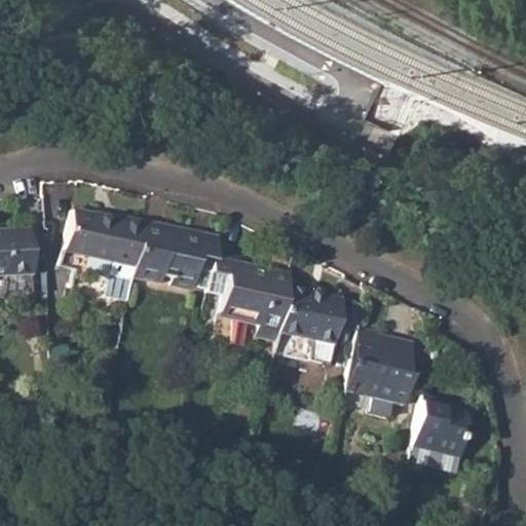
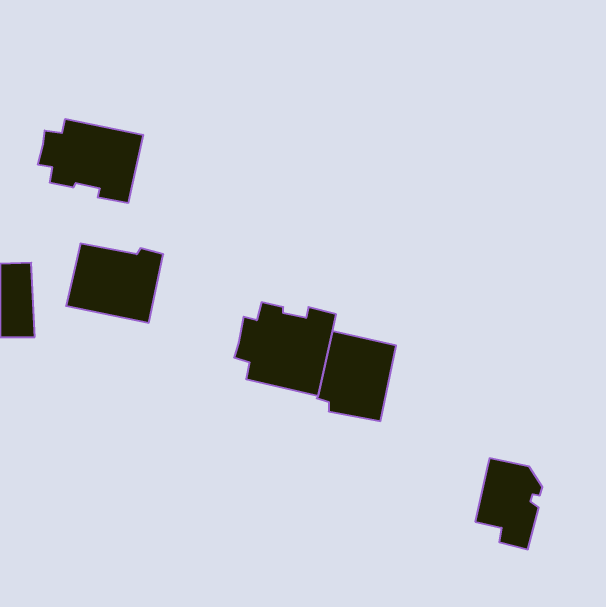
building: none -> [38,119,143,203]
building: [134,218,217,293] -> none
building: [342,322,417,418] -> none

